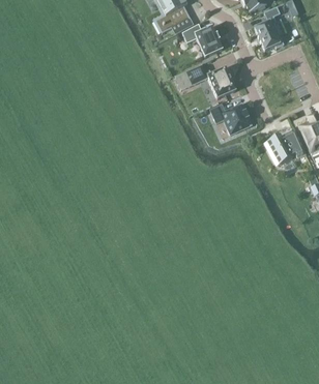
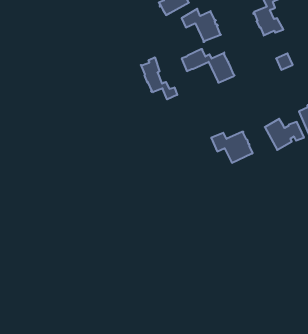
building: none -> [141,57,177,99]
building: [209,104,251,135] -> [211,132,253,163]

